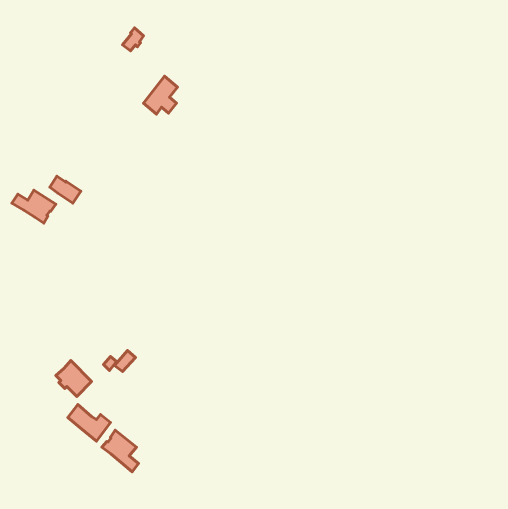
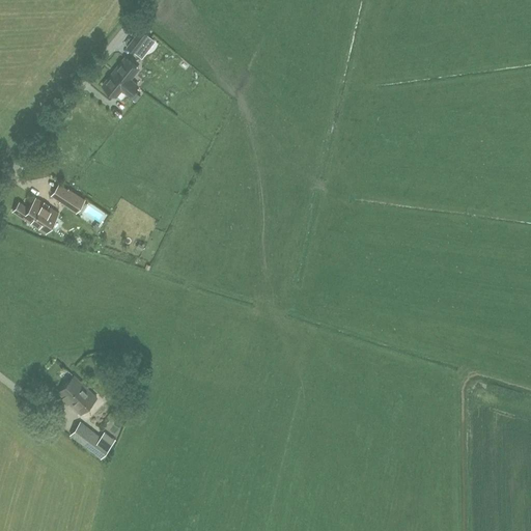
building: [143,76,177,114] -> [104,57,139,96]
building: [102,430,139,472] -> none

